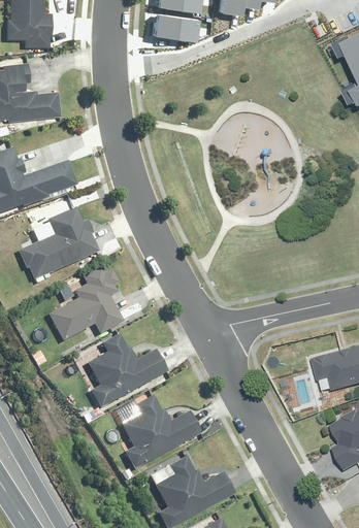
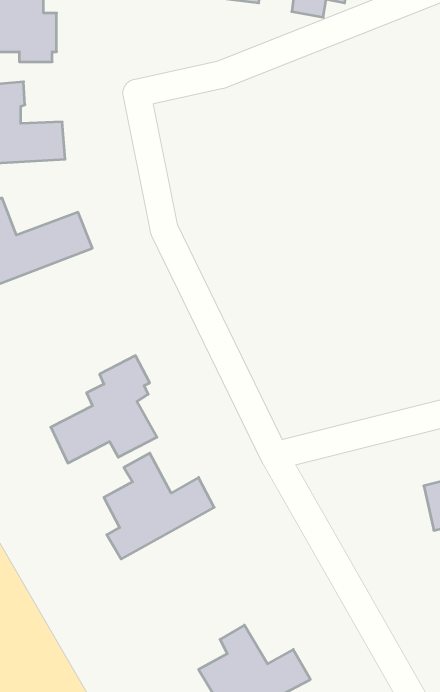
building: [154,11,196,37] -> none
building: [19,204,98,279] -> none
building: [120,397,199,473] -> none

